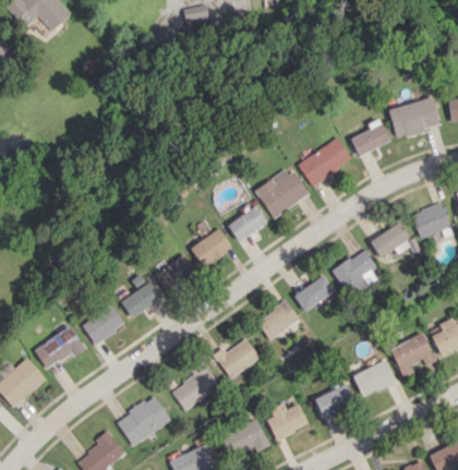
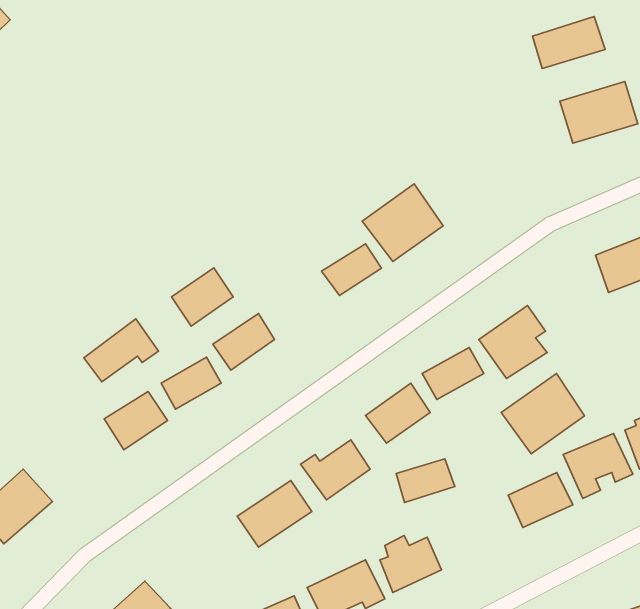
building: none -> [533,16,605,69]
building: [350,124,389,156] -> none
building: [298,137,352,185] -> none
building: [371,221,420,258] -> none
building: [191,228,232,267] -> [172,268,233,326]
building: none -> [501,374,584,454]
building: [35,327,85,370] -> [84,319,158,382]
building: [314,386,353,415] -> [396,459,455,503]
building: [116,396,170,446] -> none

